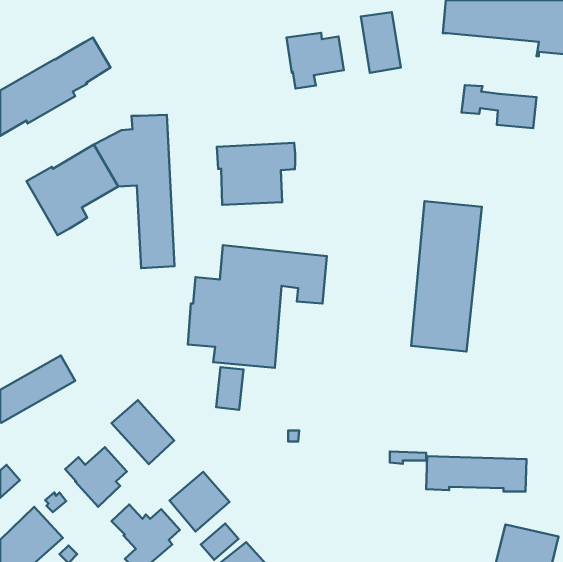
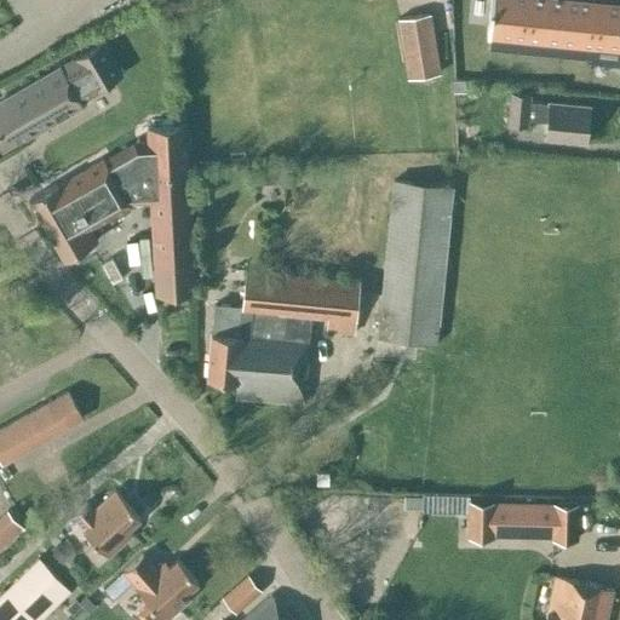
building: [286,33,344,89] -> none
building: [217,143,295,205] -> none
building: [411,201,482,351] -> [377,182,454,346]
building: [216,367,244,410] -> none
building: [112,400,174,464] -> none
building: [170,472,230,531] -> none

